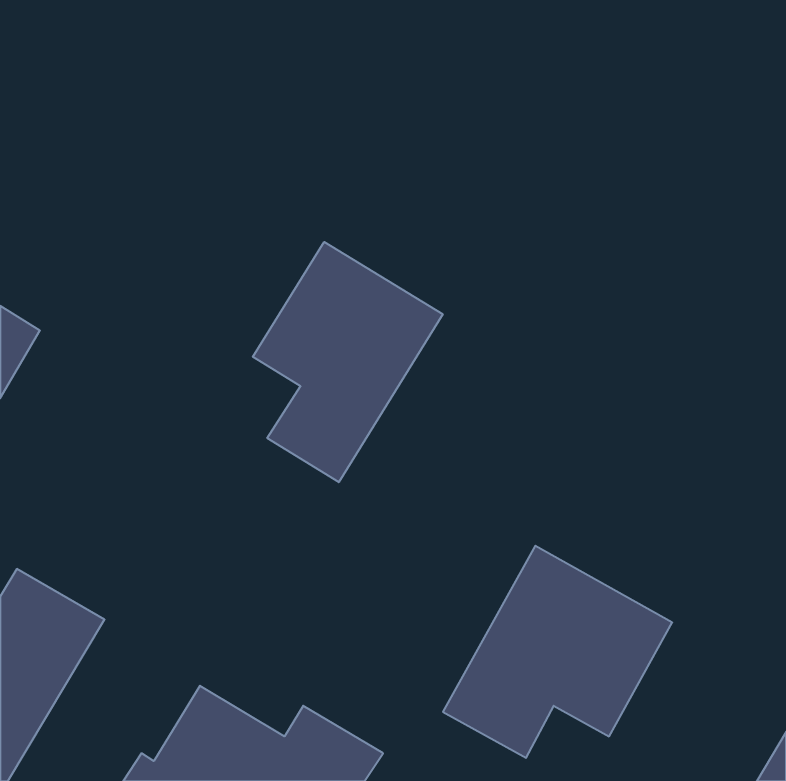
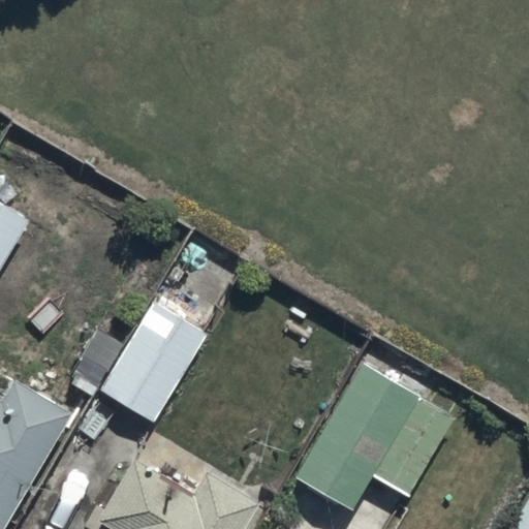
building: [253,242,443,482] -> none
building: none -> [97,303,204,424]

